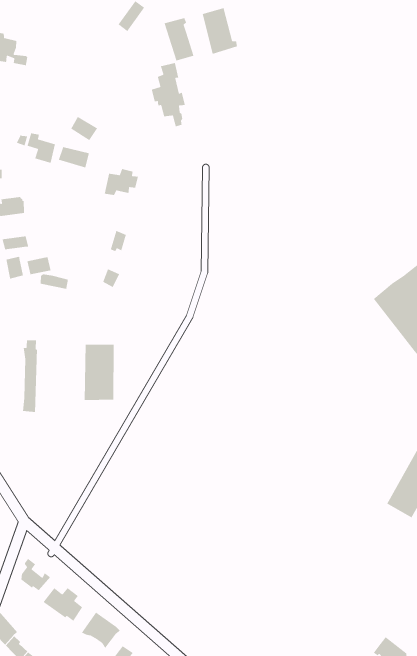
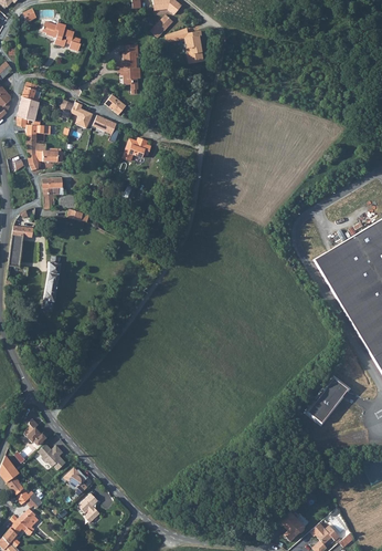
building: [202,7,238,55] -> none
building: [151,62,186,128] -> [116,45,140,94]
building: [84,344,114,401] -> none

